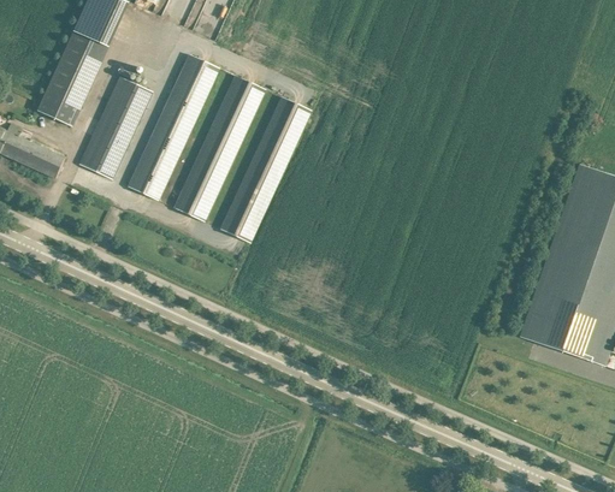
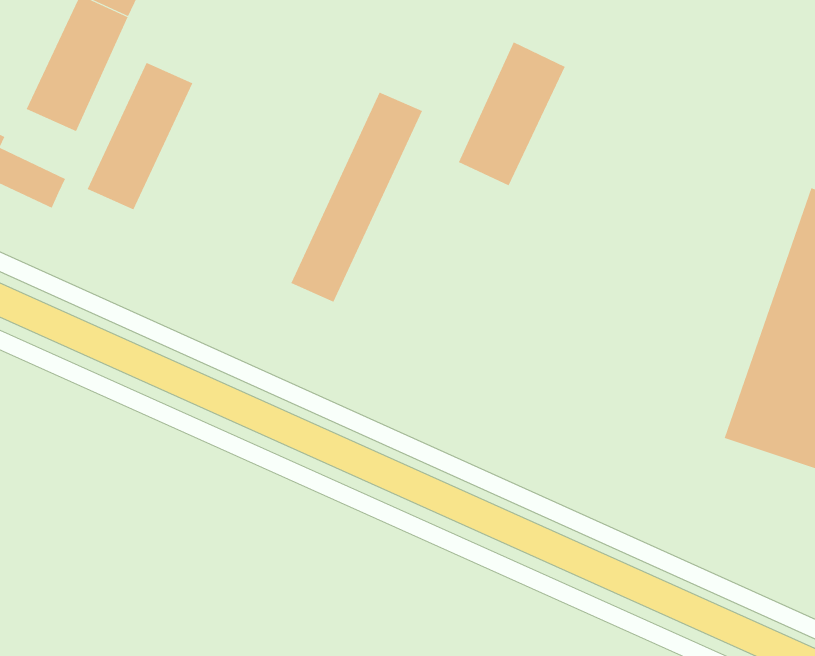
building: [128,54,218,201] -> none
building: none -> [458,41,565,186]
building: [173,76,265,221] -> none

